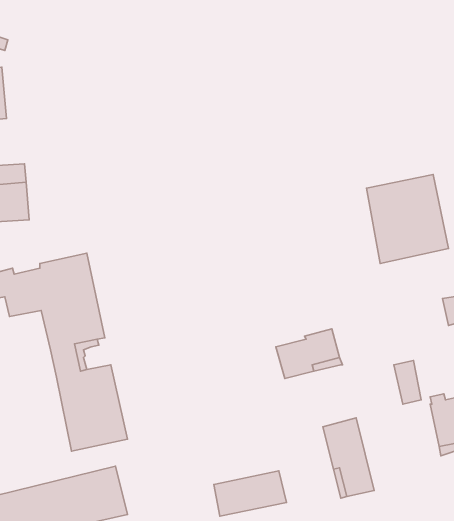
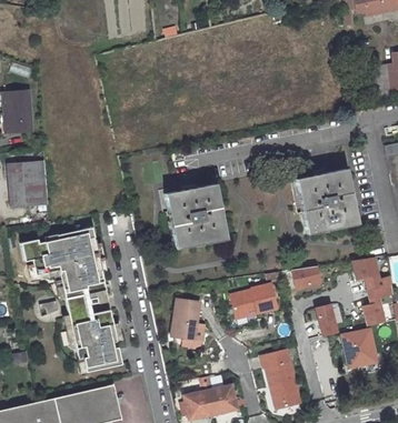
building: none -> [165,182,225,246]
building: none -> [290,264,320,286]
building: none -> [171,296,205,344]

